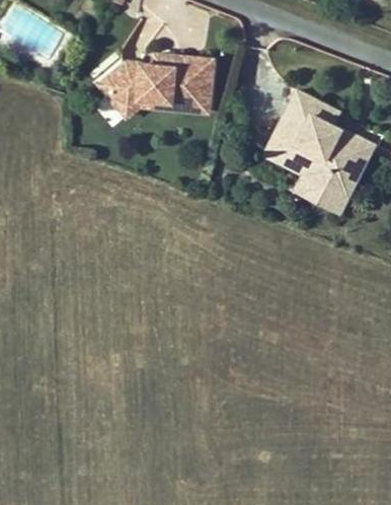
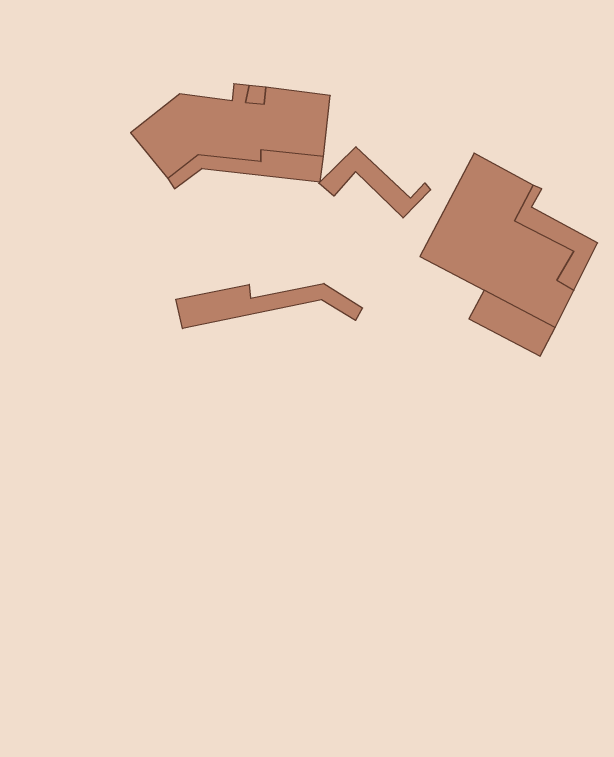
building: none -> [319,147,431,218]
building: none -> [176,283,363,329]

